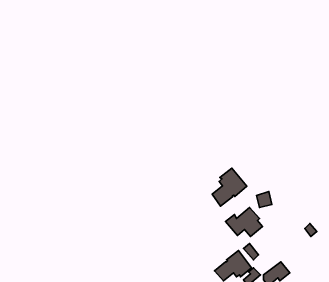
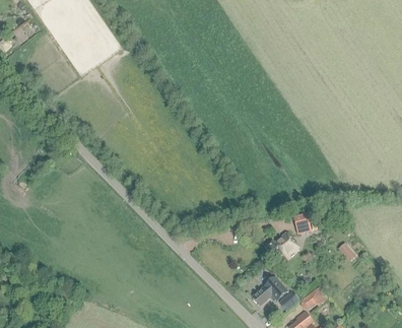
building: [212,168,247,206] -> none

